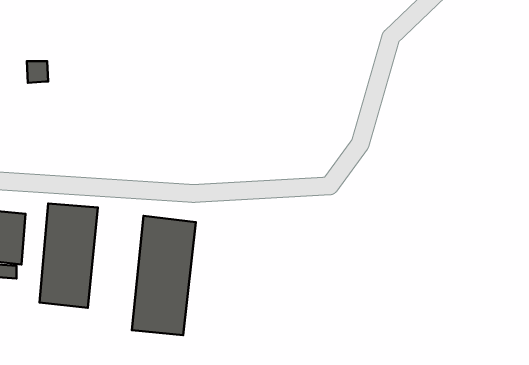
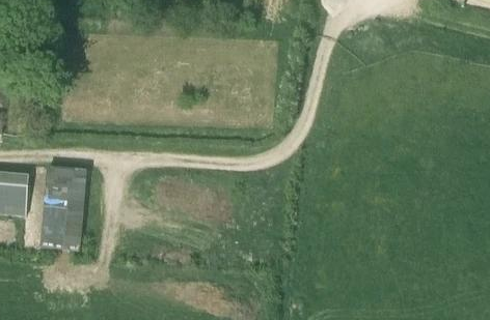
building: [132,216,196,335] -> none

